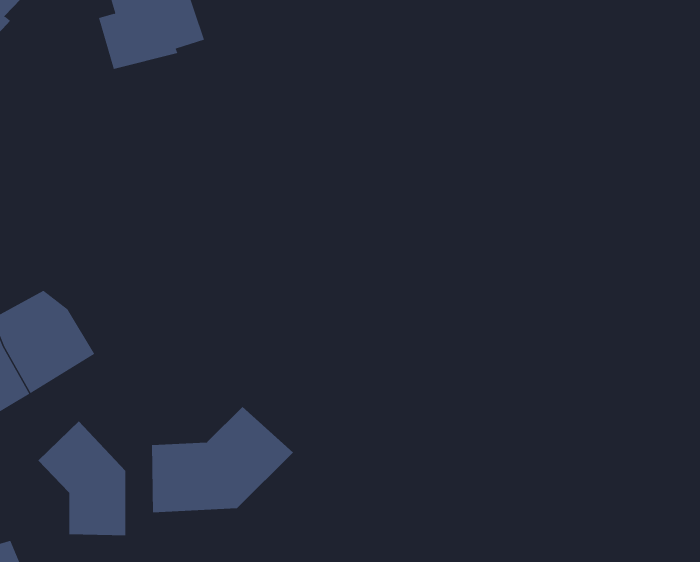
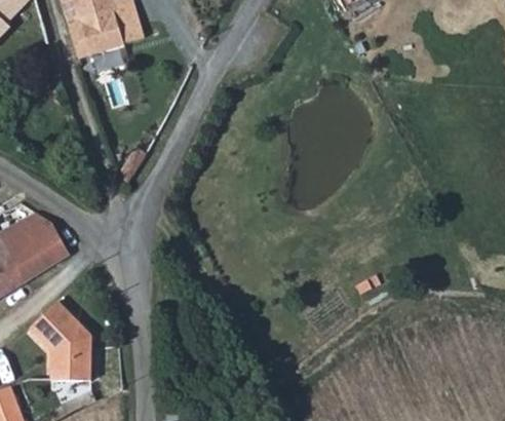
building: [151,406,294,513] -> none

